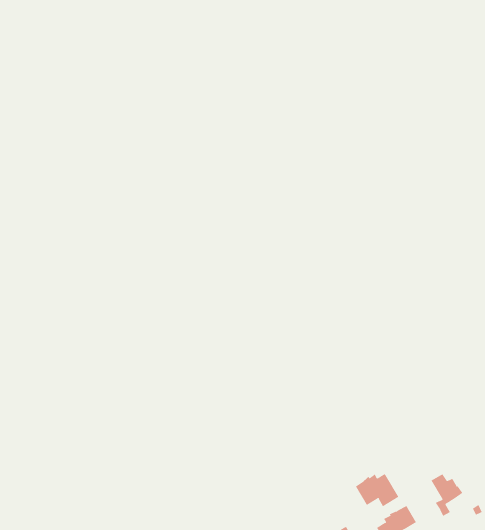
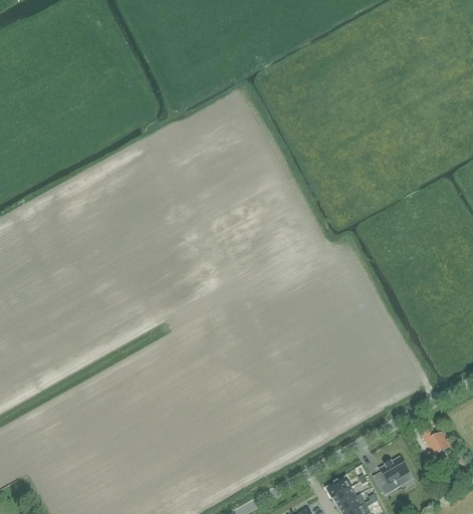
building: [355,473,399,507] -> none

